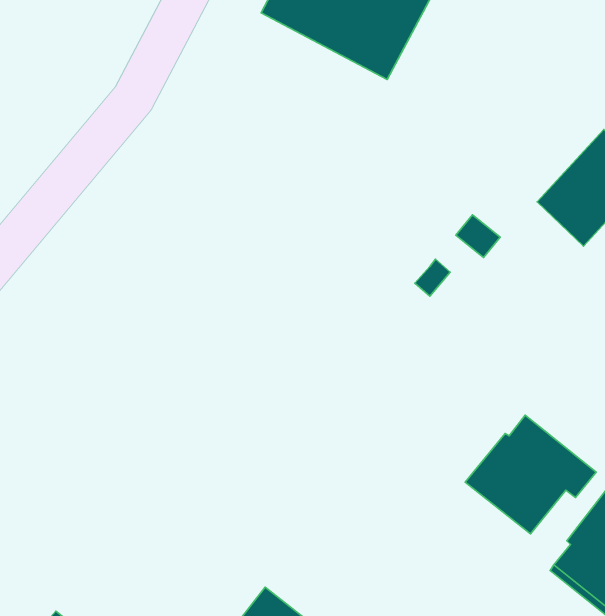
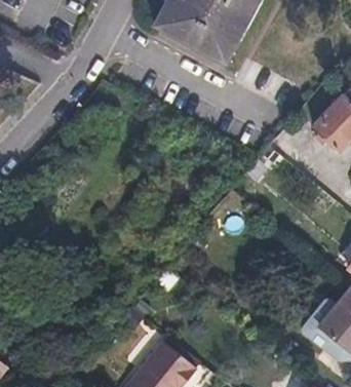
building: [465,415,596,534] -> none

